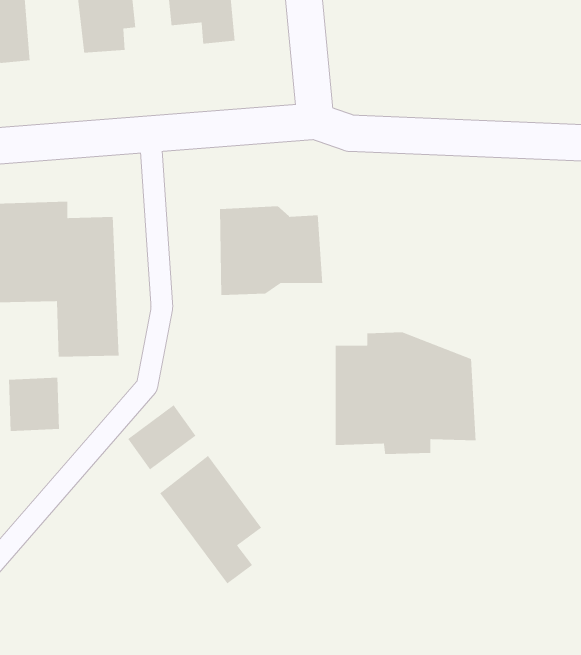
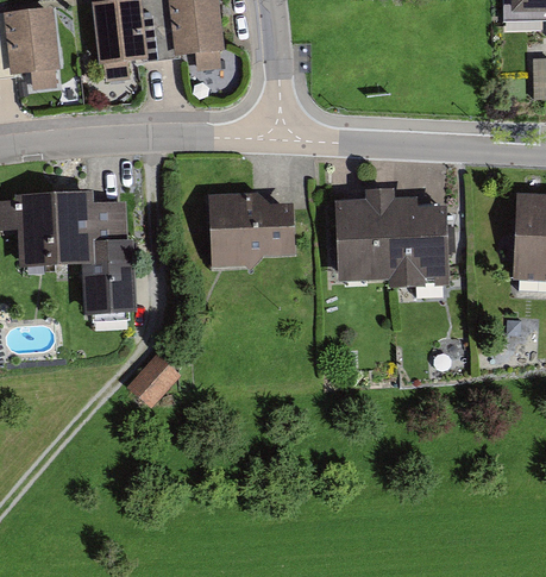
building: [335,331,476,455] -> [335,188,447,286]
building: [8,377,60,432] -> none
building: [159,455,262,585] -> none

